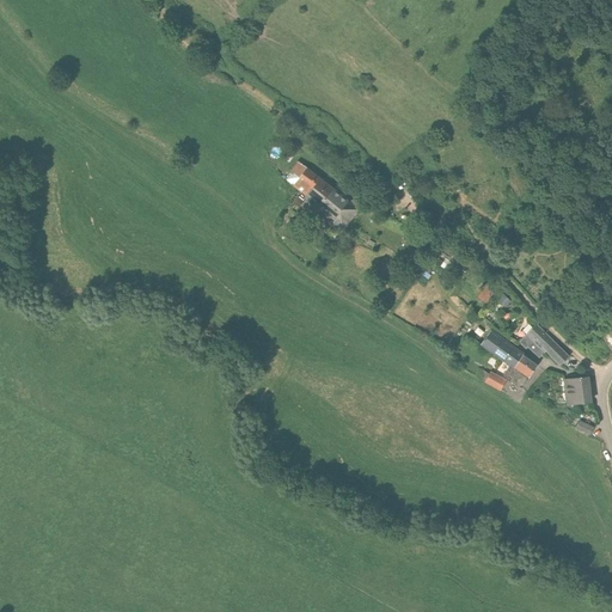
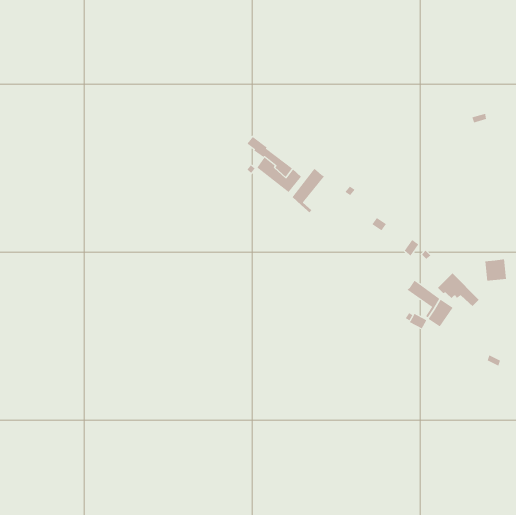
building: none -> [292,168,325,213]
building: [564,377,590,403] -> [485,259,507,281]

